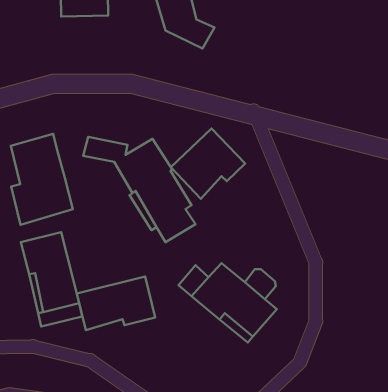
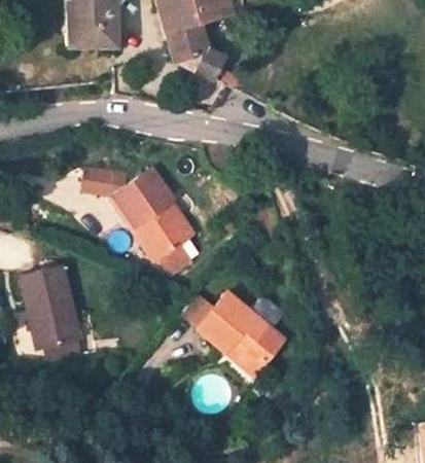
building: [171,129,245,199] -> none
building: [11,134,73,225] -> none
building: [77,277,155,330] -> none

